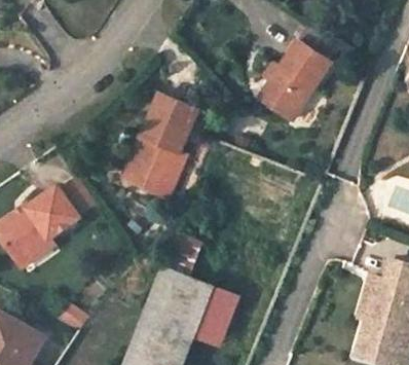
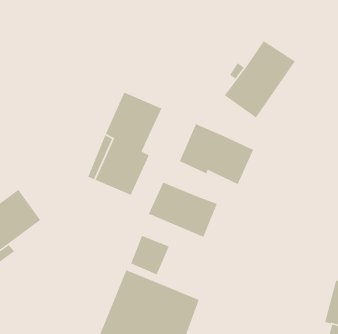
building: none -> [179,123,254,185]
building: none -> [148,181,218,238]

